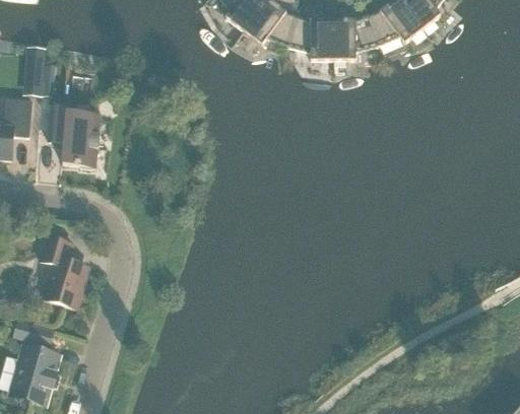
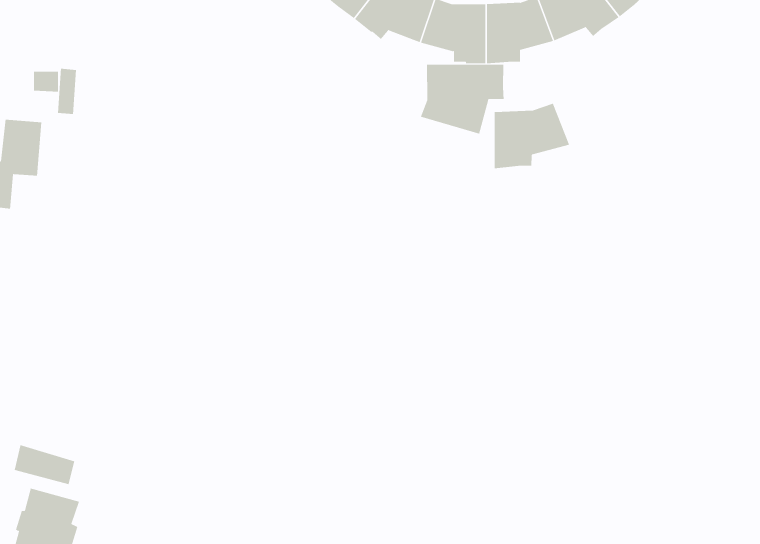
building: none -> [420,64,504,135]
building: none -> [494,103,570,169]
building: [48,104,100,166] -> none
building: [40,234,87,306] -> none

